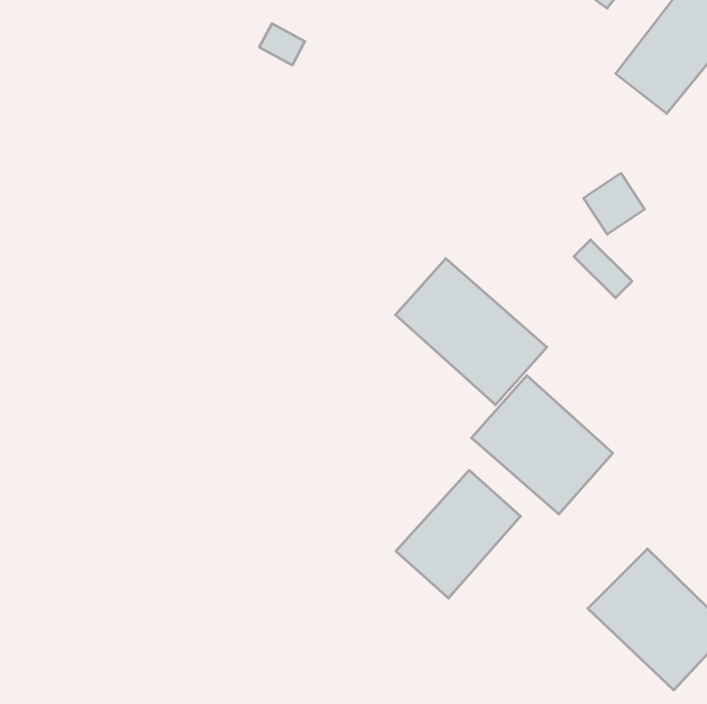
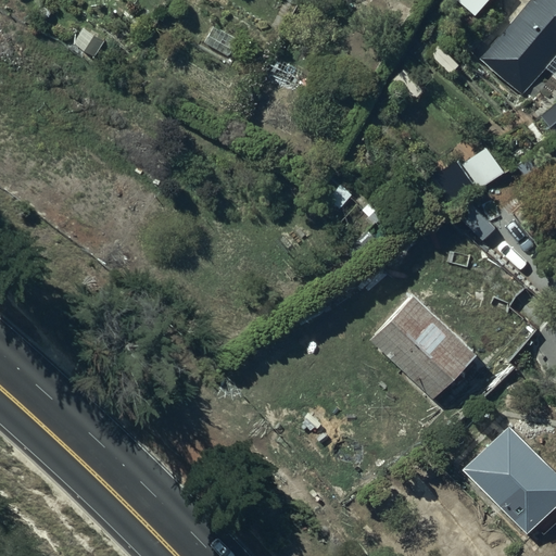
building: [395,258,547,405] -> none
building: [396,470,521,598] -> none

